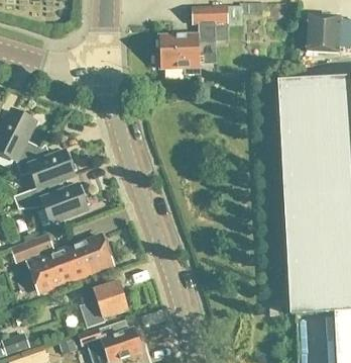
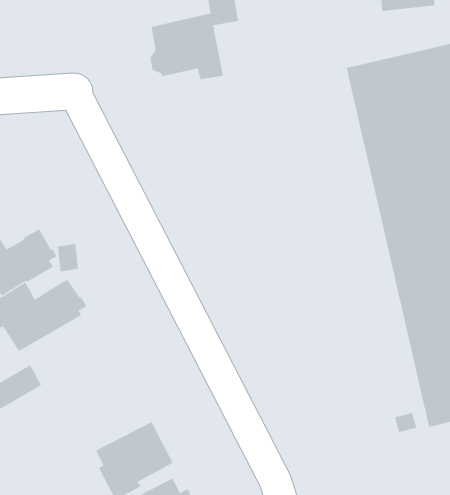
building: [30,235,113,286] -> none

